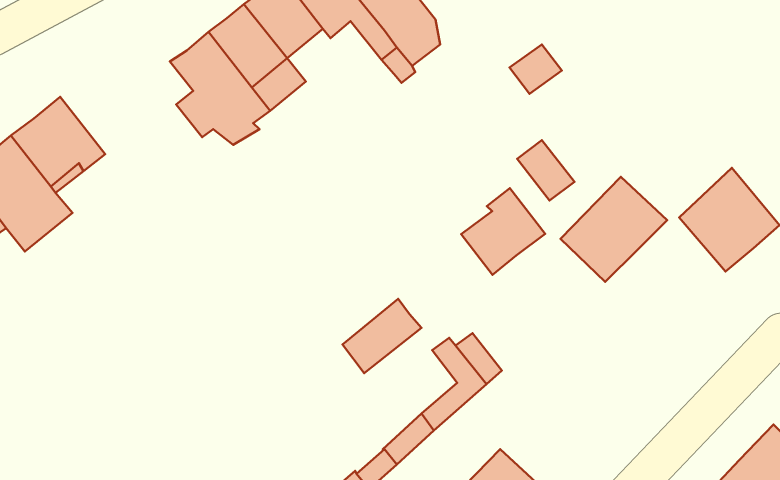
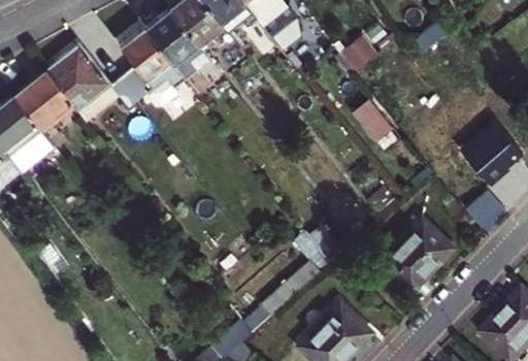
building: none -> [45,42,140,119]
building: [561,177,667,282] -> [381,218,452,288]
building: [461,188,545,275] -> none
building: none -> [464,189,505,229]
building: [342,299,421,373] -> none

